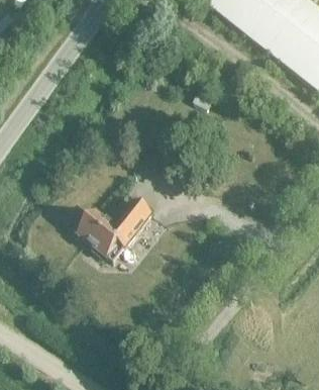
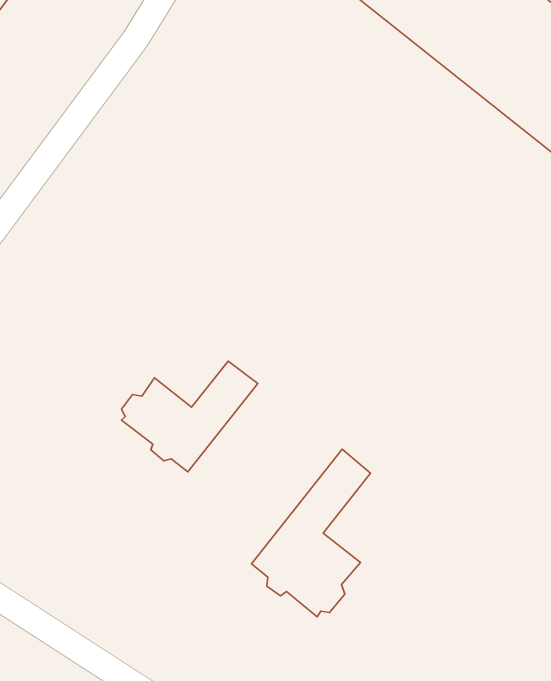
building: none -> [252,449,370,617]

